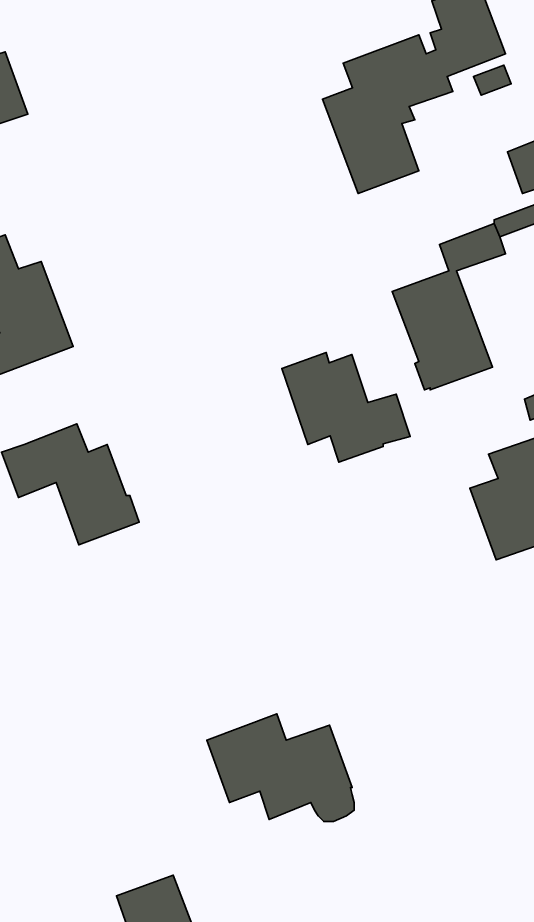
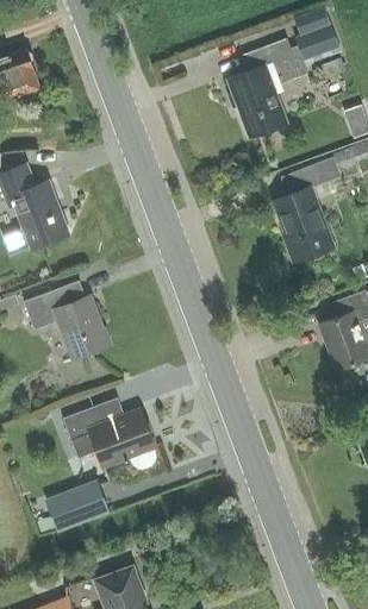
building: [282,353,410,462] -> none
building: [207,714,354,821] -> [63,401,156,469]
building: none -> [48,482,108,530]

